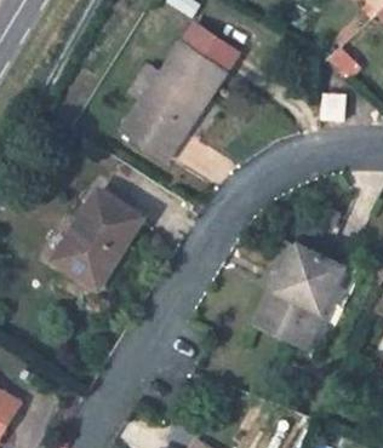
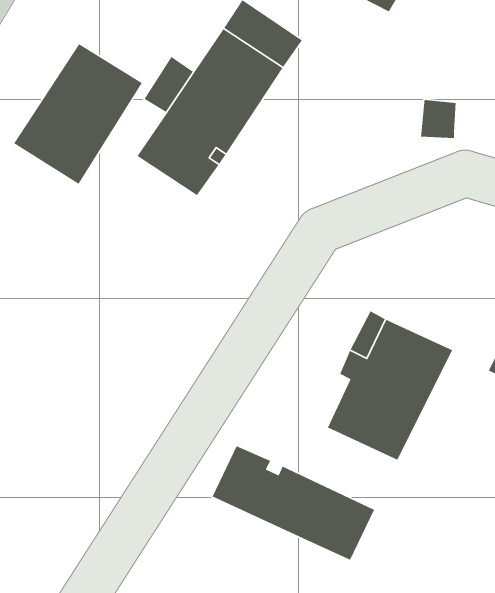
building: [52,190,143,289] -> [13,43,143,185]
building: none -> [211,445,375,561]

